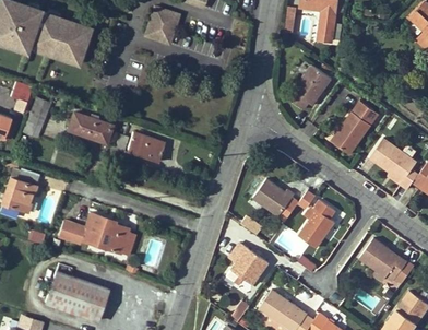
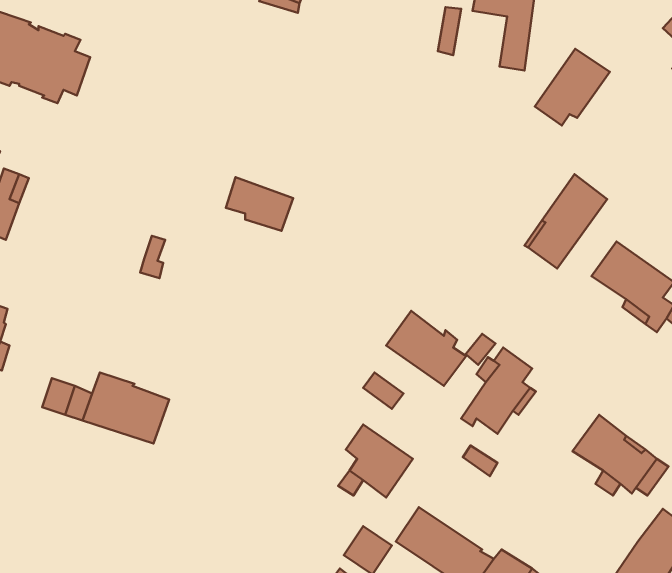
building: [143,7,178,44] -> none
building: [289,67,332,110] -> [535,49,610,126]
building: [69,111,112,143] -> none
building: [128,131,166,162] -> [226,177,293,231]
building: [45,271,108,321] -> none

